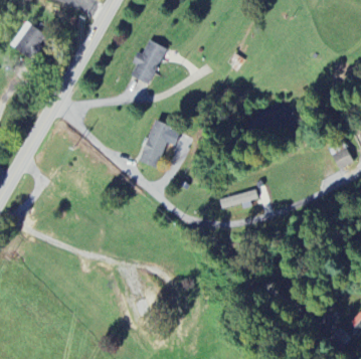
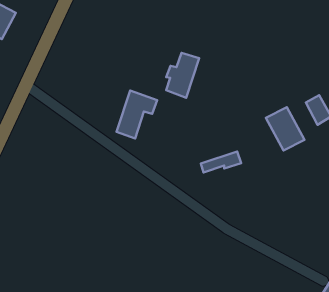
building: [131,39,166,84] -> [166,53,199,98]
building: none -> [266,107,304,151]

